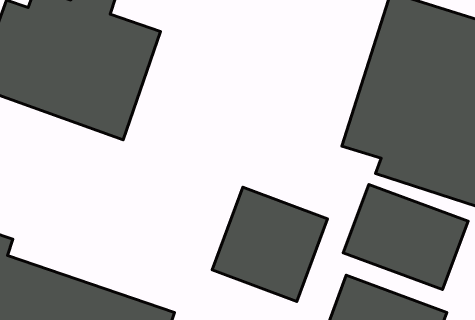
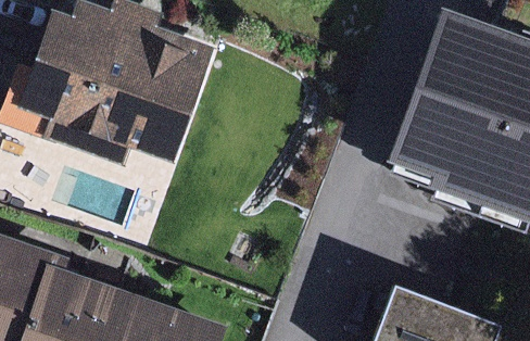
building: [343,184,468,290] -> none
building: [212,187,327,301] -> none

